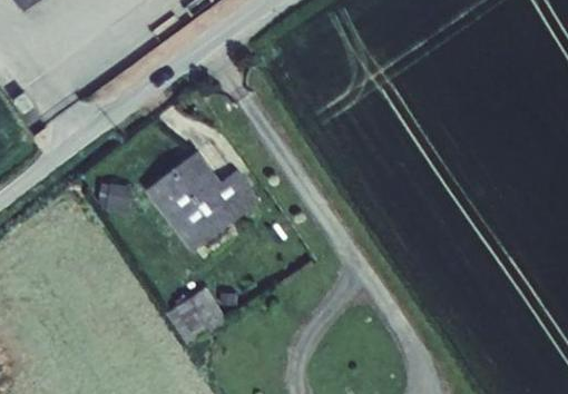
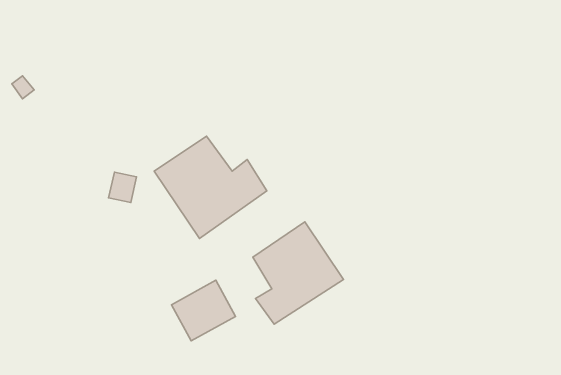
building: none -> [253,222,344,324]

